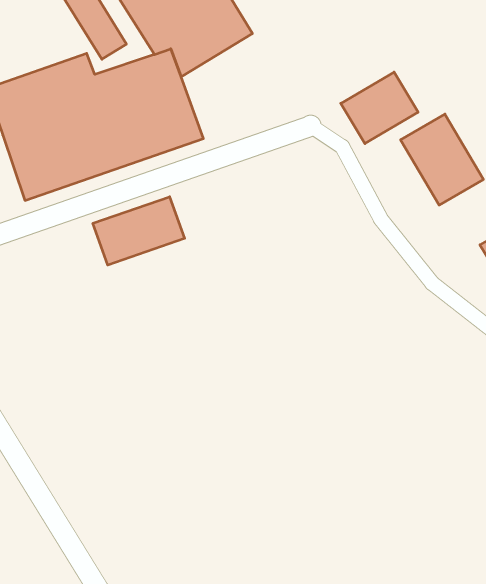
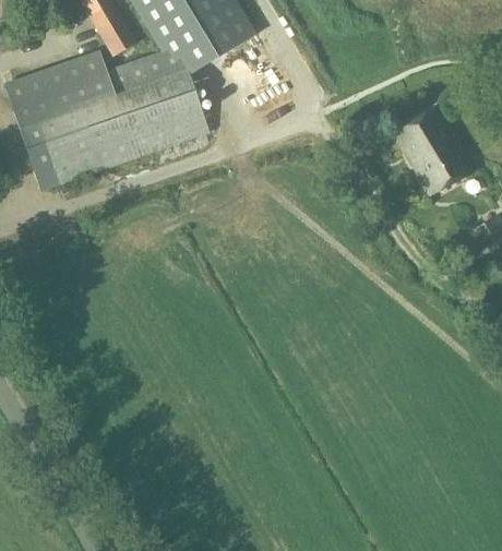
building: [341,72,418,144] -> none
building: [93,197,185,265] -> none

